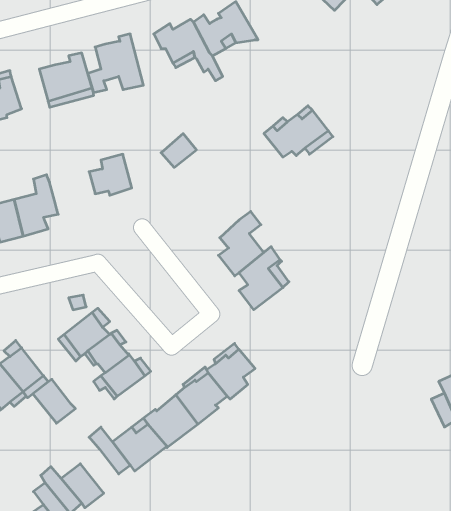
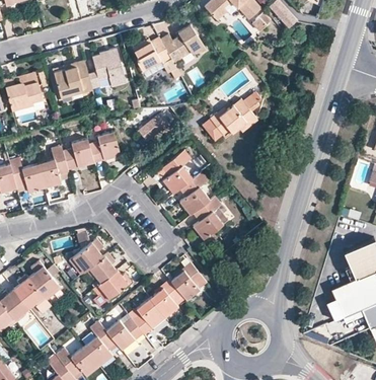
building: none -> [62,139,94,168]
building: none -> [162,150,193,195]
building: [33,379,75,423] -> [83,335,112,366]

